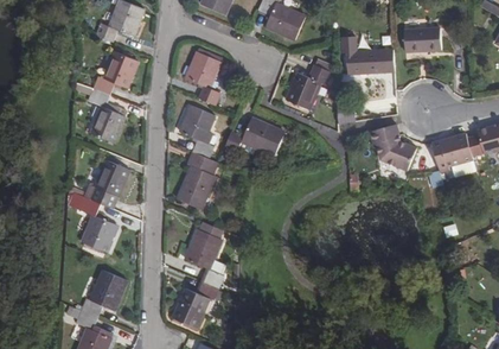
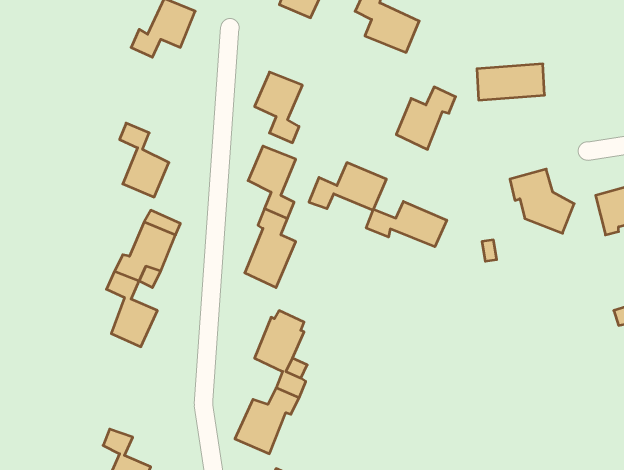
building: [404,26,441,51] -> none
building: [94,55,137,97] -> none
building: none -> [366,201,447,247]
building: [82,271,126,317] -> none

